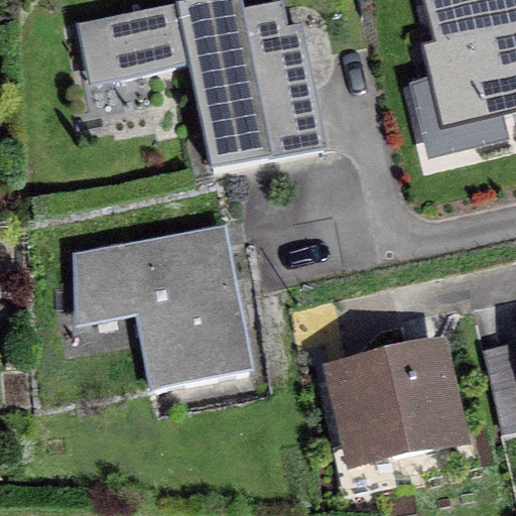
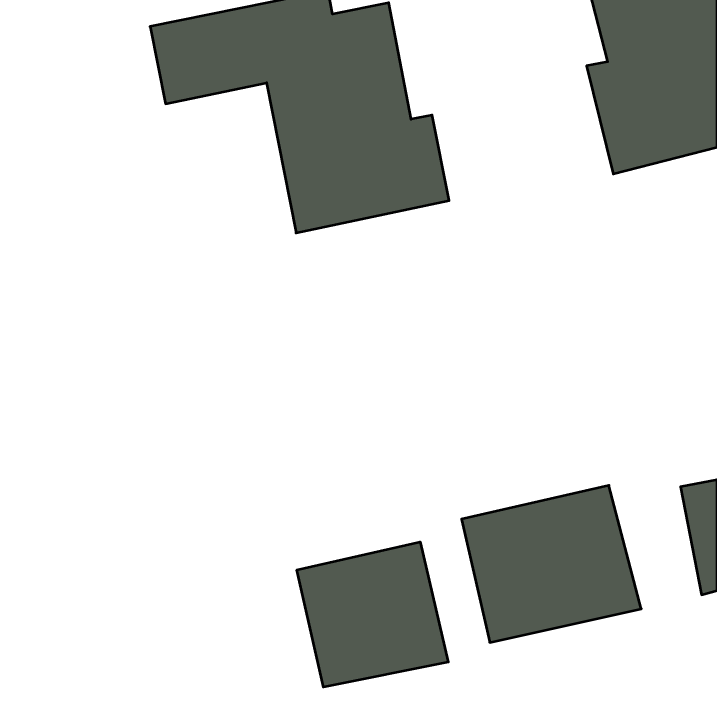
building: [78,236,248,387] -> none
building: none -> [297,542,448,687]

